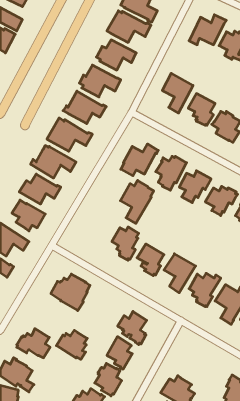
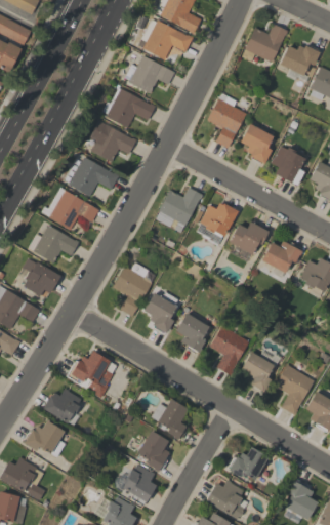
building: [120,180,154,223] -> [113,261,155,316]
building: [56,330,87,359] -> [42,388,81,425]
building: none -> [228,446,269,479]

